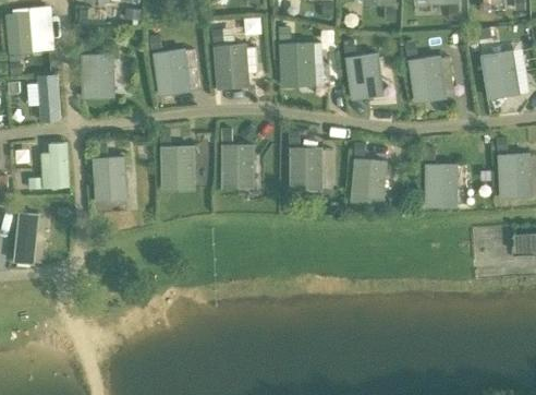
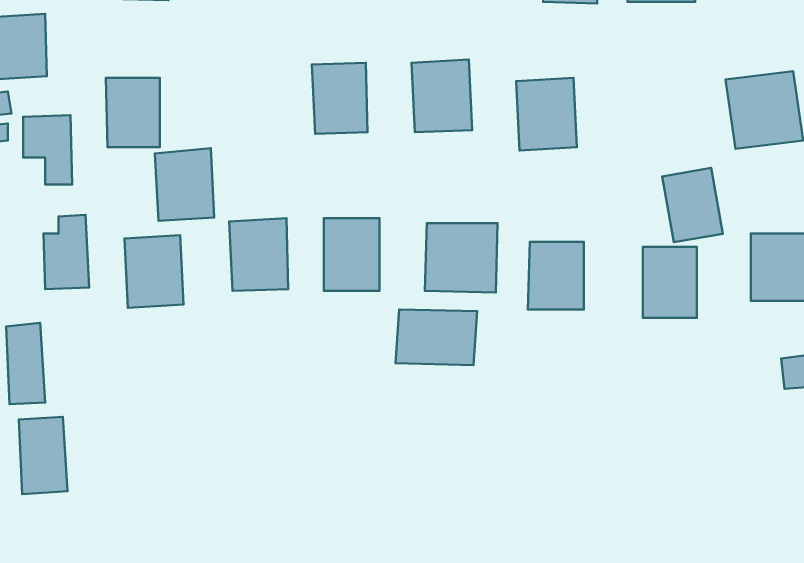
building: [153,49,191,96] -> [155,148,214,221]
building: [407,56,447,104] -> [662,168,723,242]
building: none -> [396,309,477,365]
building: none -> [19,417,68,494]

